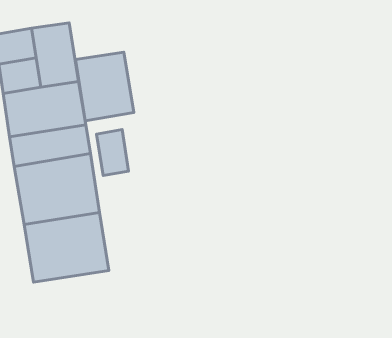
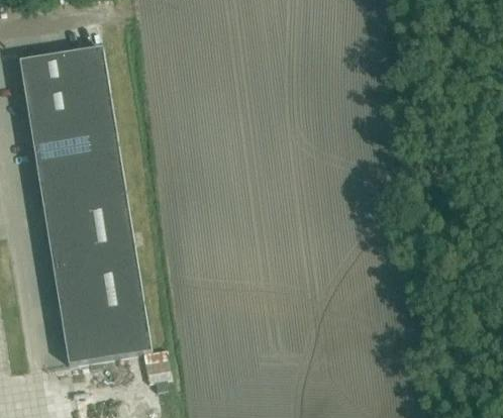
building: [76,52,134,121] -> none
building: [97,130,129,176] -> none
building: none -> [63,317,150,362]

